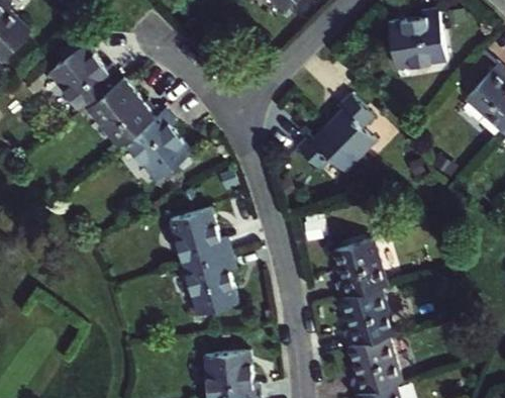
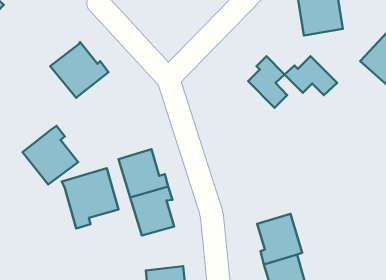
building: [48,42,123,113] -> none
building: [124,109,192,181] -> [22,126,78,185]
building: [297,125,361,173] -> [285,56,337,95]
building: none -> [62,168,118,229]
building: [331,239,385,299] -> none

